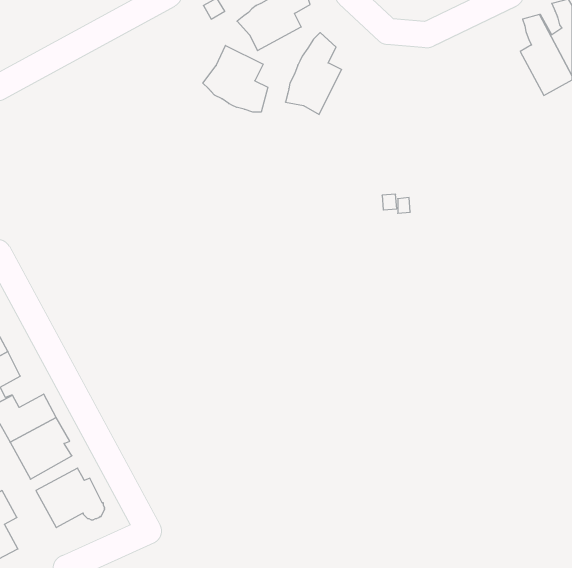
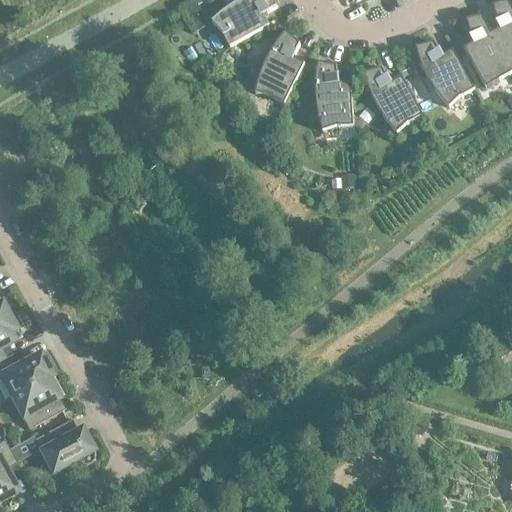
building: none -> [415,40,474,105]
building: [203,45,268,112] -> none
building: none -> [314,60,353,129]
building: none -> [363,66,422,131]

